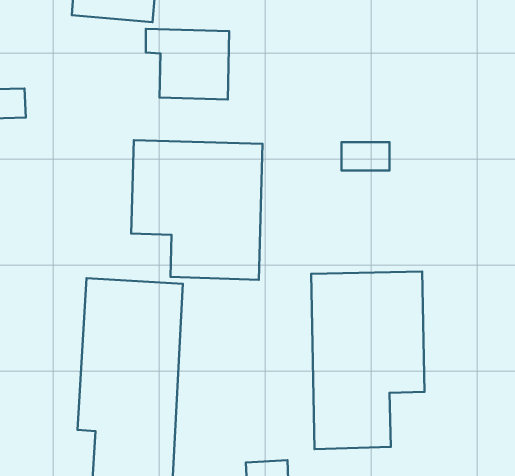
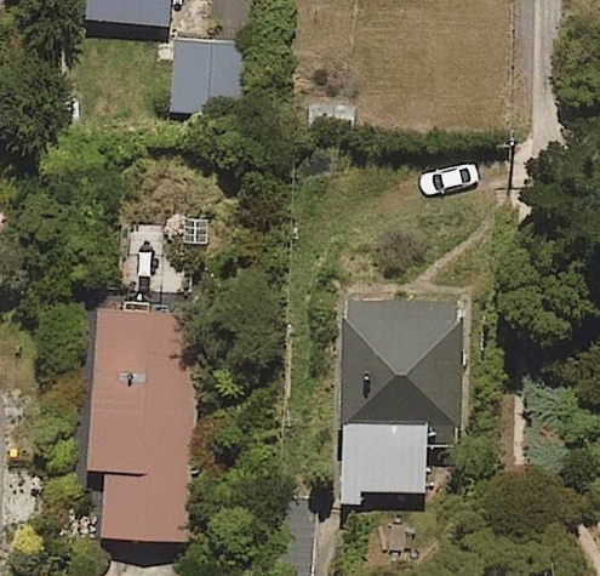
building: [131,140,262,280] -> none

